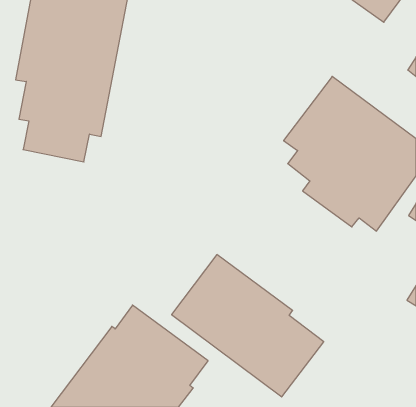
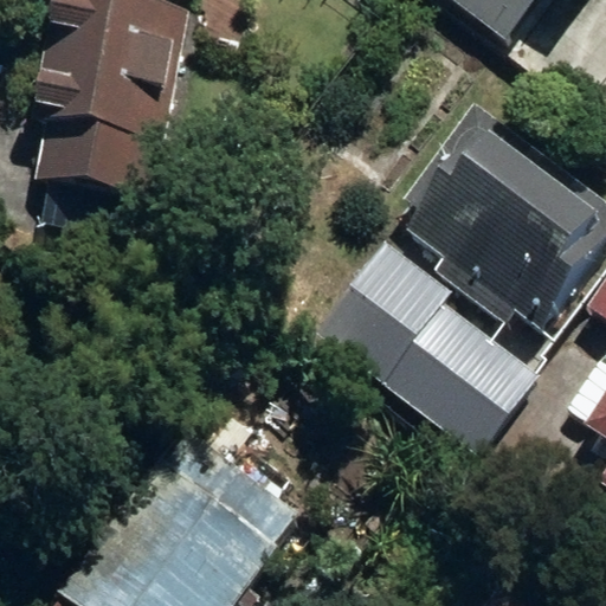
building: [172,255,324,397] -> [322,252,541,457]

